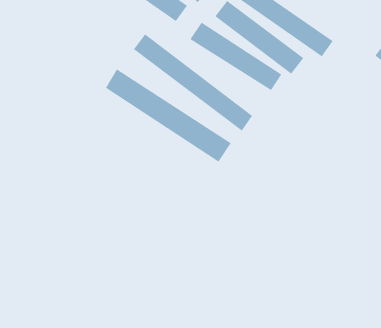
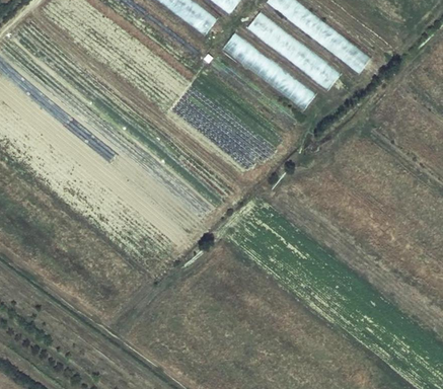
building: [133,33,253,131] -> none
building: [105,69,231,163] -> none

